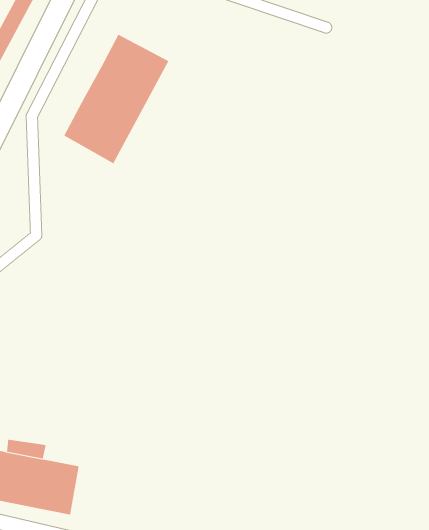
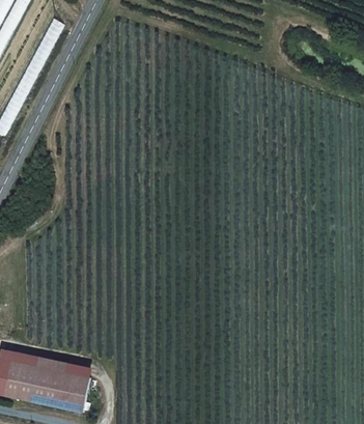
building: [63,34,169,164] -> none

